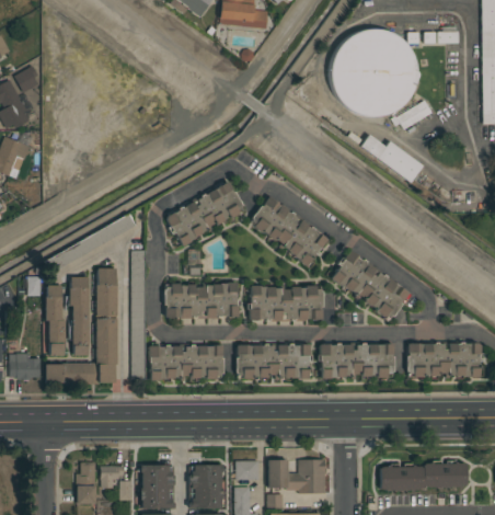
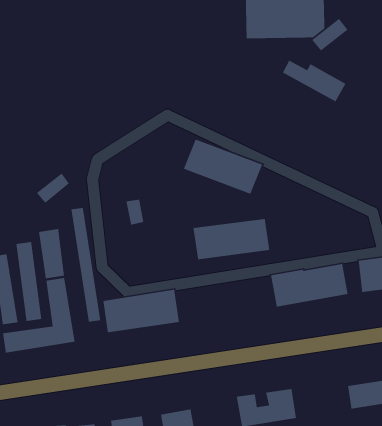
building: [164,184,244,244] -> none
building: [331,254,410,317] -> none
building: [164,283,239,320] -> none
building: [237,345,310,378] -> none
building: [237,461,260,480] -> none

